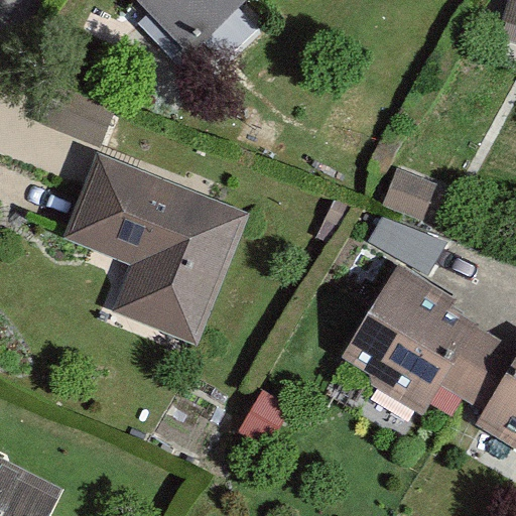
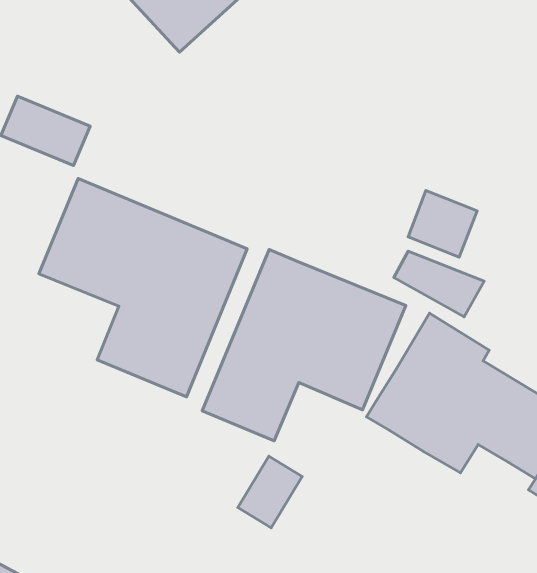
building: none -> [202,249,406,441]

